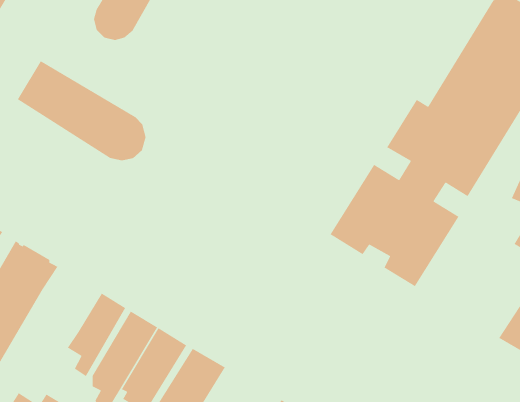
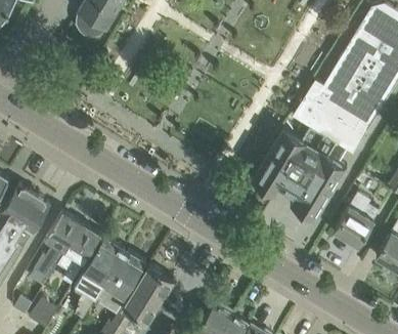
building: [17,60,147,161] -> none
building: none -> [334,195,379,247]
building: none -> [34,212,82,280]

